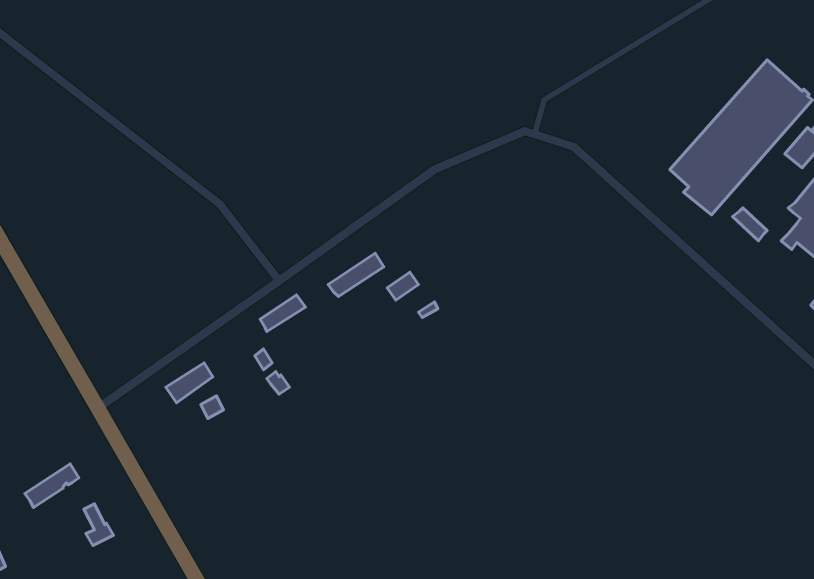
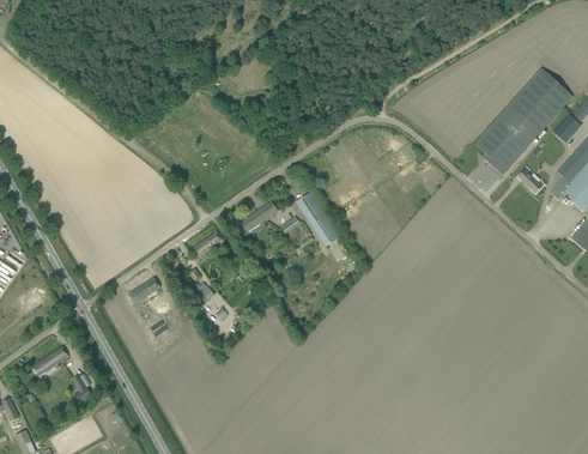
building: none -> [297,190,341,244]

